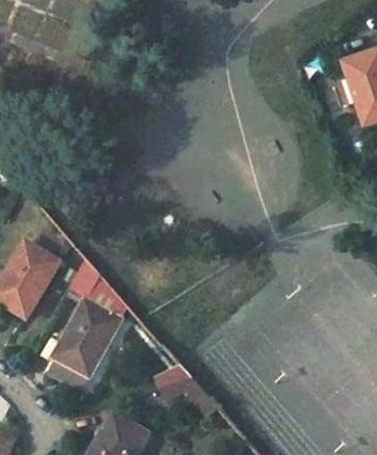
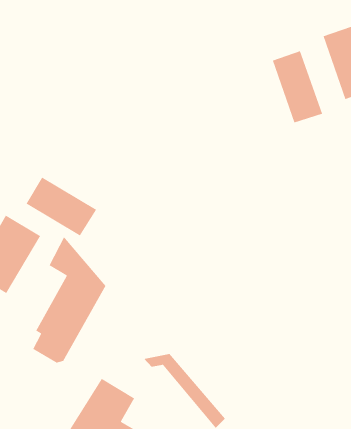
building: none -> [272,50,323,123]
building: none -> [26,177,97,236]

